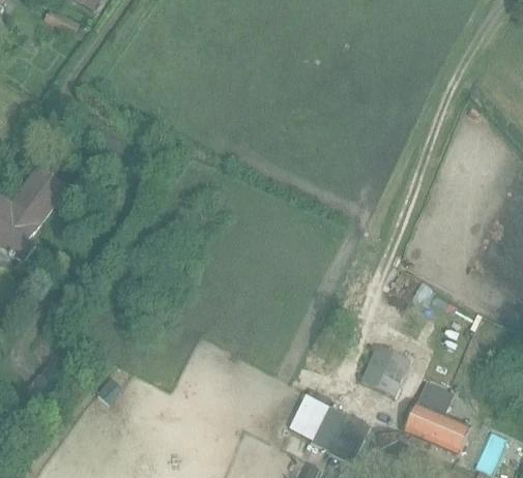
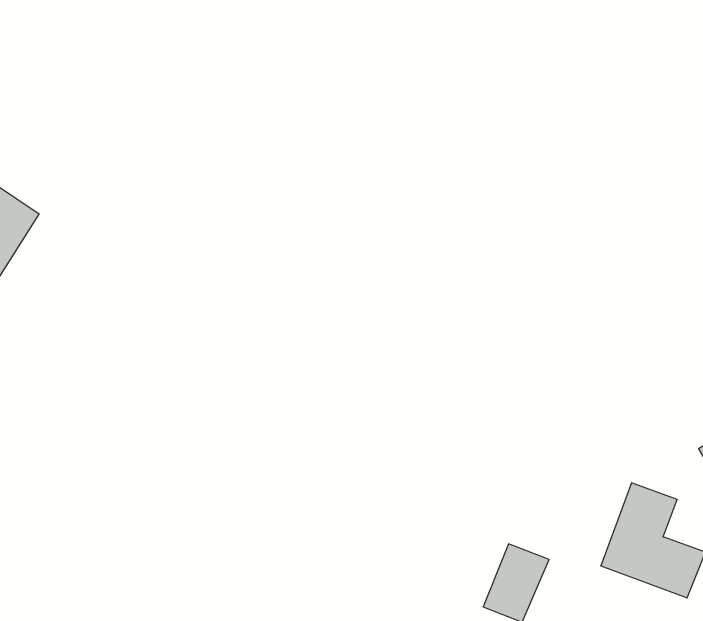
building: [359,343,407,394] -> none
building: [299,398,342,448] -> none

